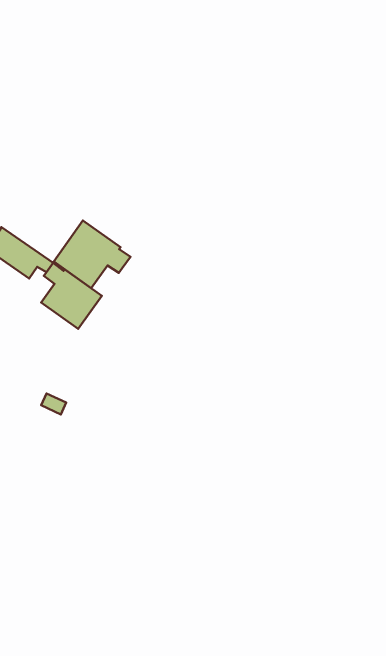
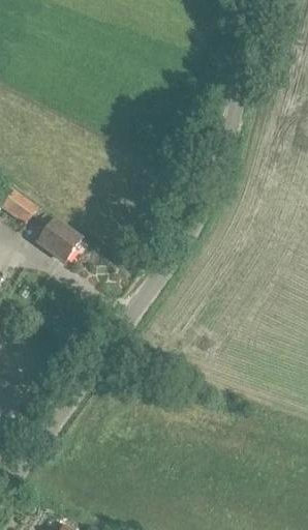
building: [54,220,130,288] -> none

